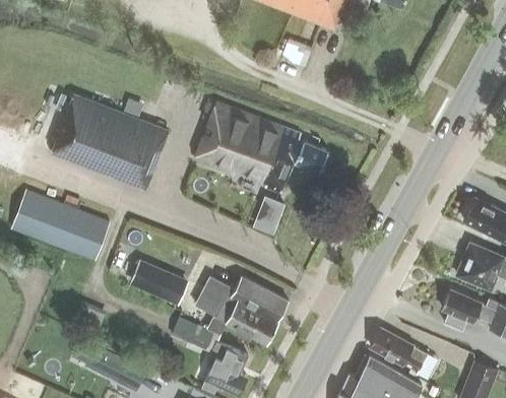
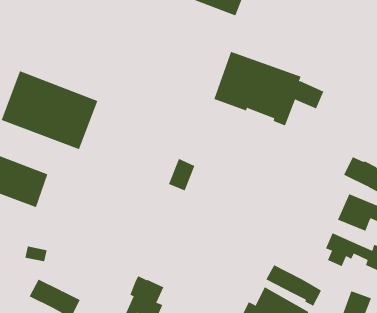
building: [195,103,328,193] -> [214,51,324,126]
building: [132,261,185,301] -> none
building: [196,275,288,343] -> none
building: [171,316,220,349] -> none

